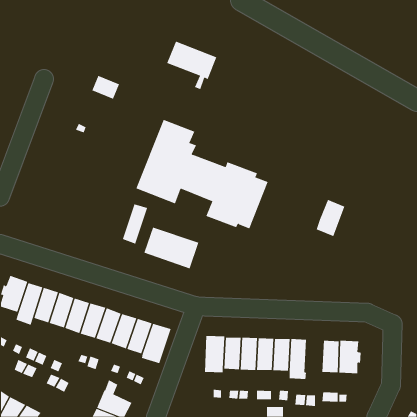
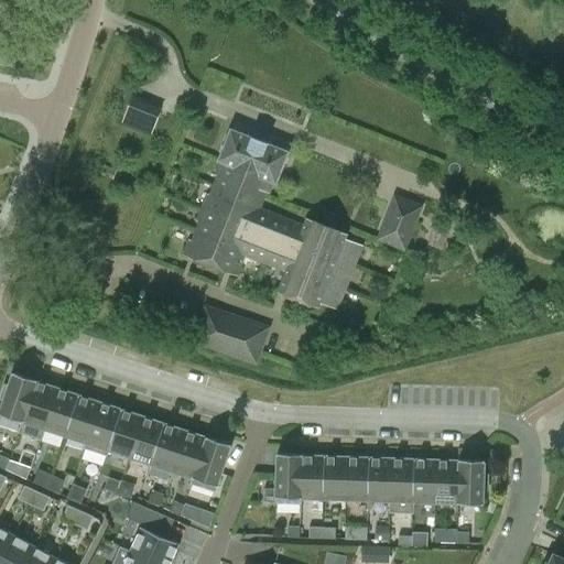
building: [166,41,217,90] -> [219,130,288,196]
building: [316,199,345,237] -> [380,197,420,248]
building: [122,203,148,244] -> none
building: none -> [412,458,436,502]

